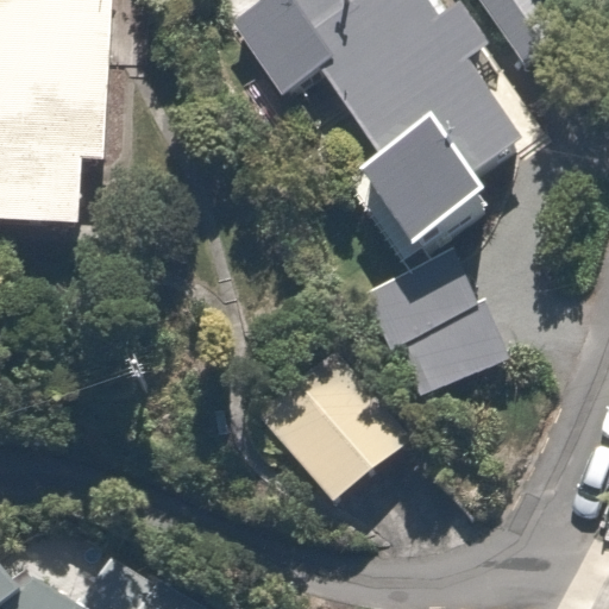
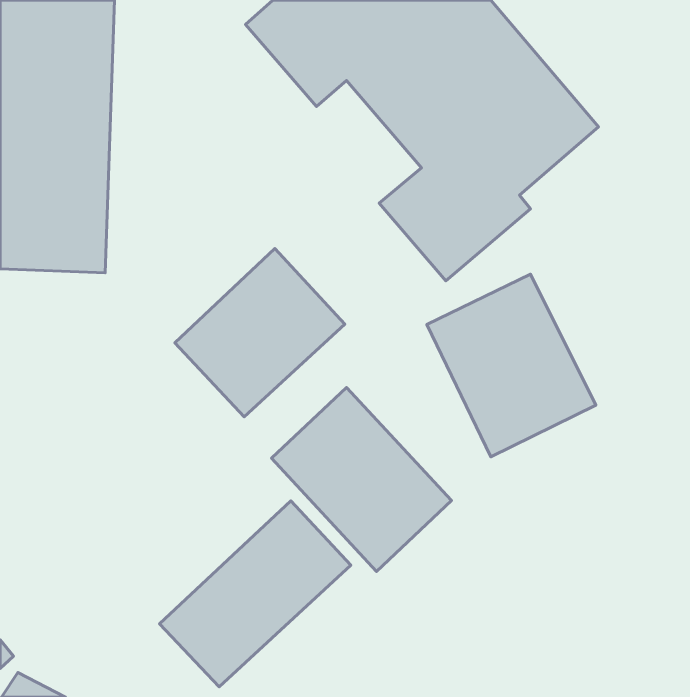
building: none -> [175,248,345,417]
building: none -> [159,501,351,687]

